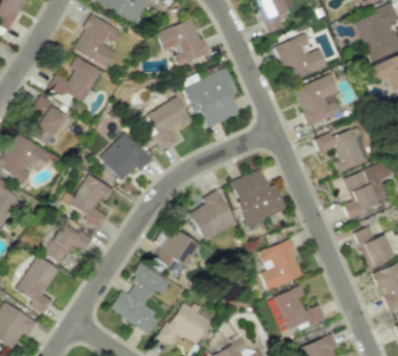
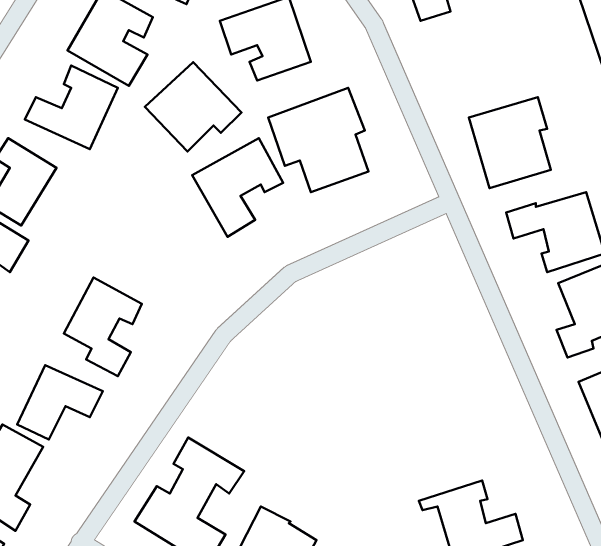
building: [277,35,328,80] -> none
building: [99,132,152,181] -> [145,62,241,151]
building: [230,169,287,225] -> none
building: [189,189,237,241] -> none
building: [153,227,201,277] -> none
building: [259,239,304,289] -> none

